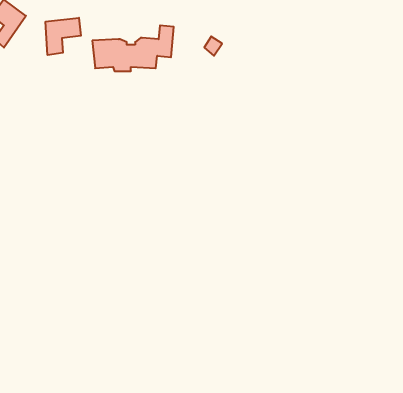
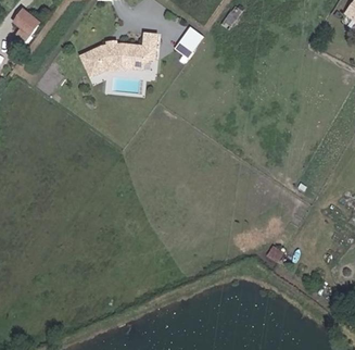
building: [46,18,81,55] -> none

